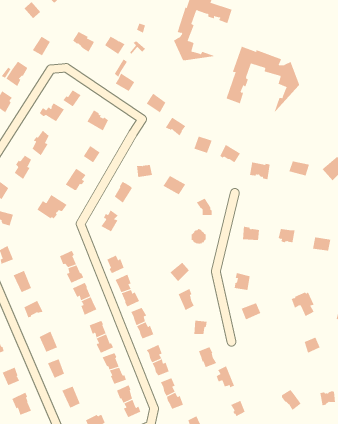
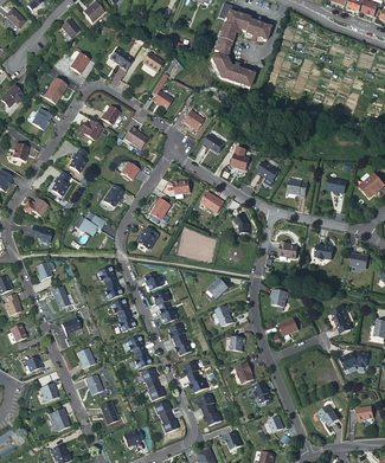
building: [226,46,300,115] -> none

